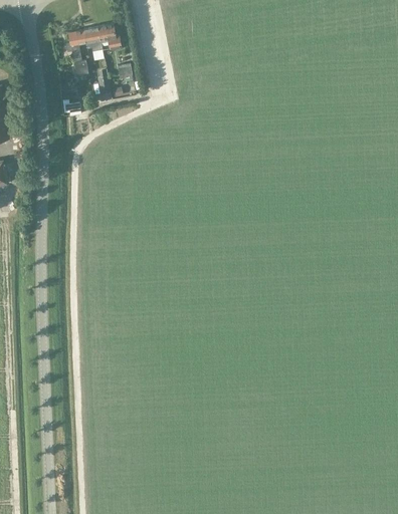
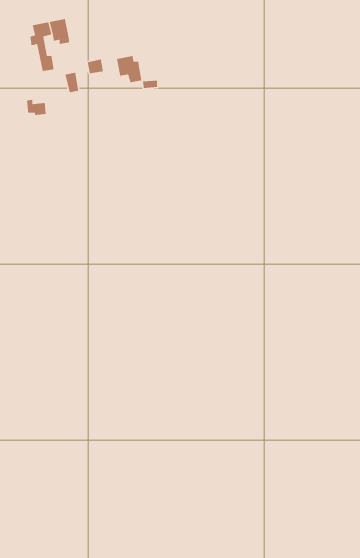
building: [97,25,121,50] -> [116,55,142,83]

